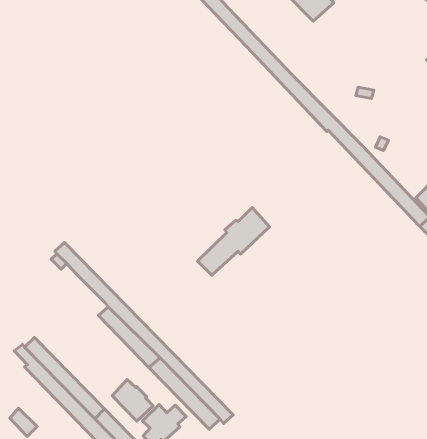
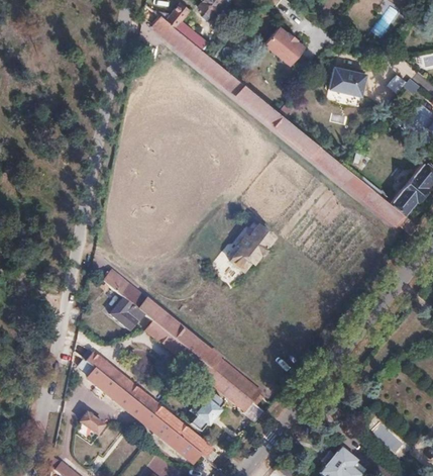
building: none -> [327,65,364,95]
building: none -> [107,295,147,334]
building: [112,380,153,421] -> none

